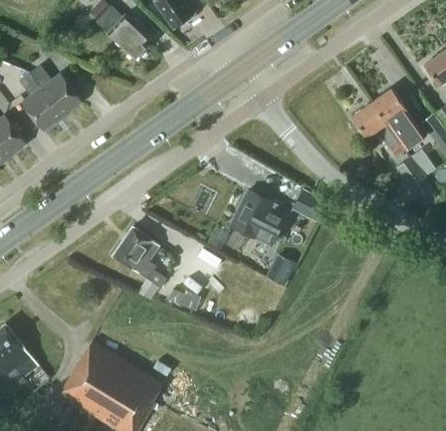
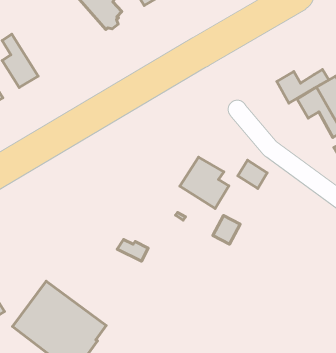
building: [30,64,82,116] -> none
building: none -> [277,69,329,103]
building: [113,226,166,288] -> none

